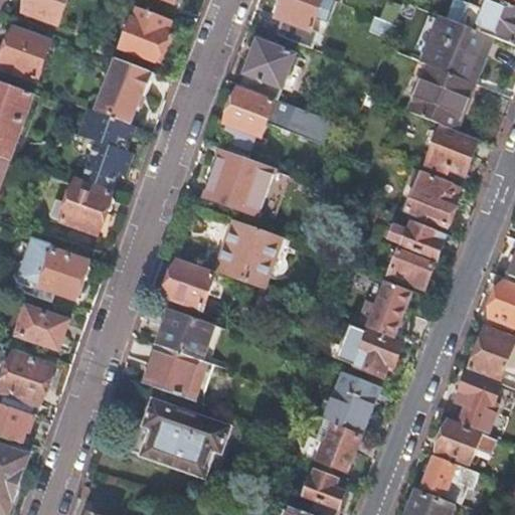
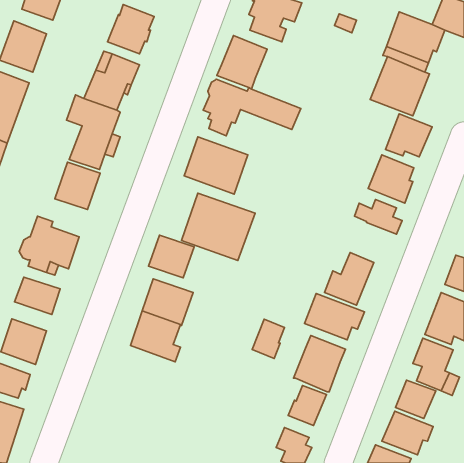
building: [390,247,436,289] -> none
building: none -> [252,319,285,359]
building: [139,398,228,478] -> none

